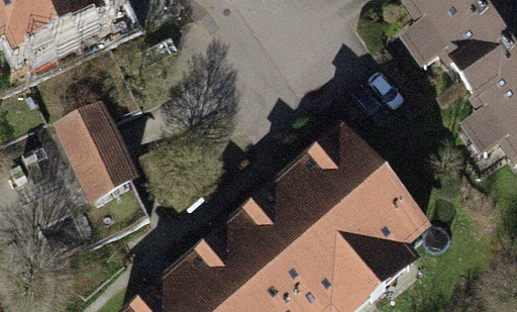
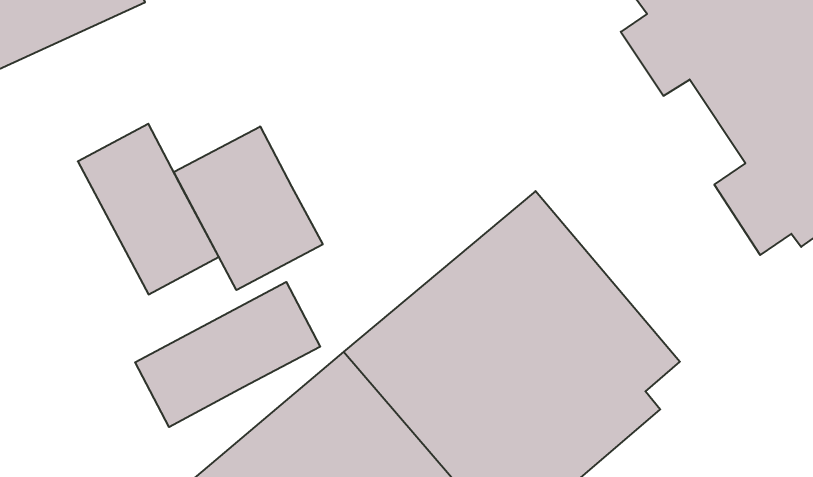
building: none -> [174,126,323,290]
building: none -> [135,282,320,427]

